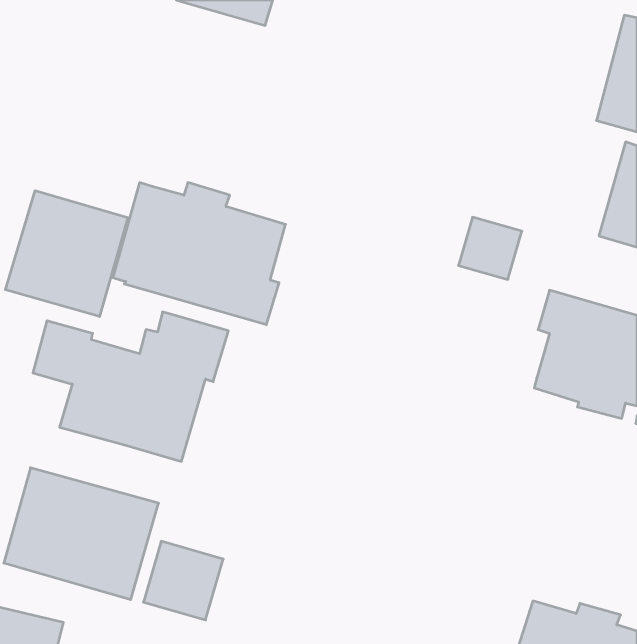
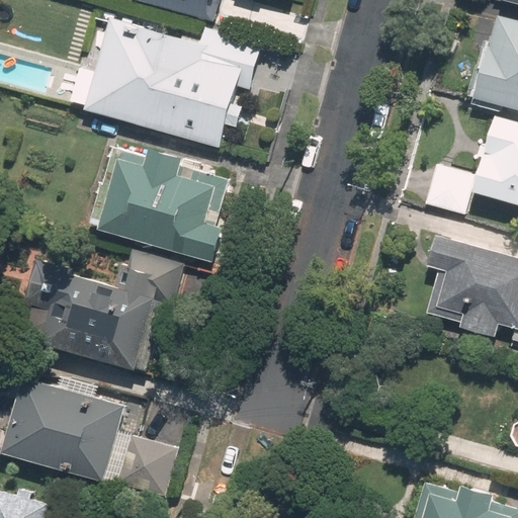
building: none -> [84,19,260,149]
building: [5,191,128,317] -> none
building: [458,217,522,279] -> [422,166,472,215]

